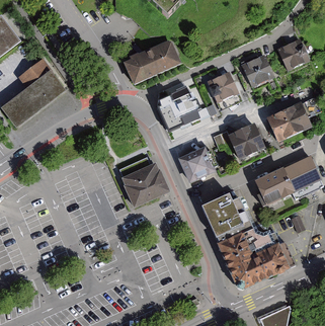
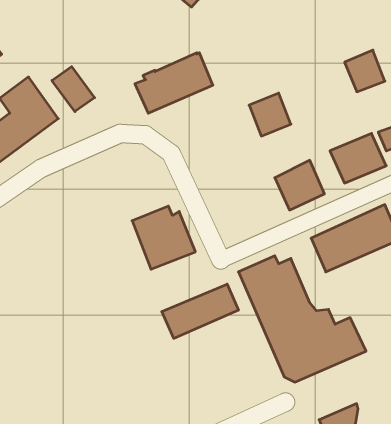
building: none -> [52,67,95,112]
building: [241,54,274,87] -> none
building: [157,86,199,131] -> none
building: [180,146,217,182] -> none
building: none -> [162,284,238,338]

